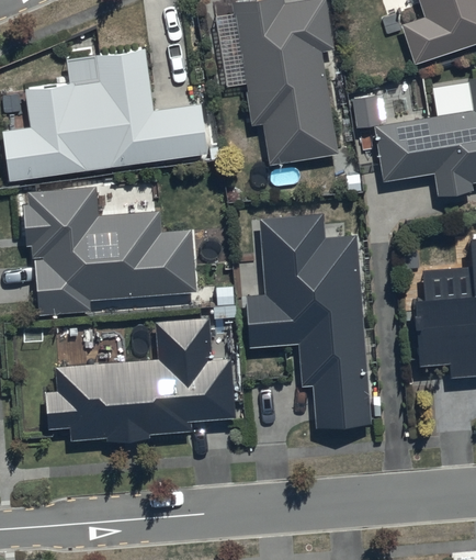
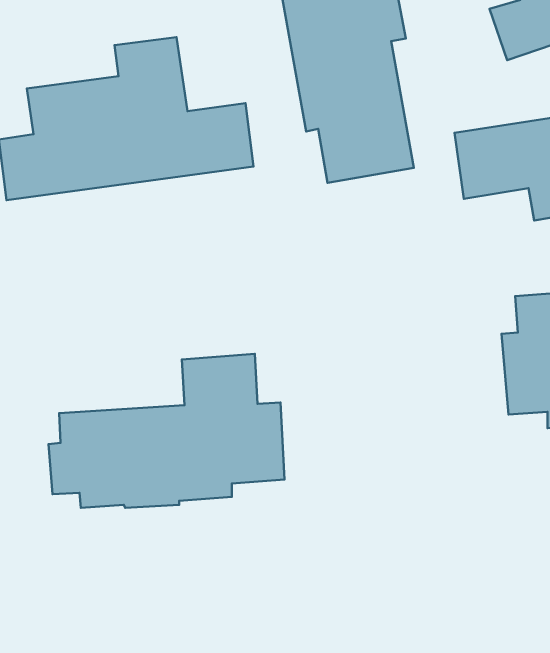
building: [23,188,199,317] -> none
building: [246,214,372,427] -> none

